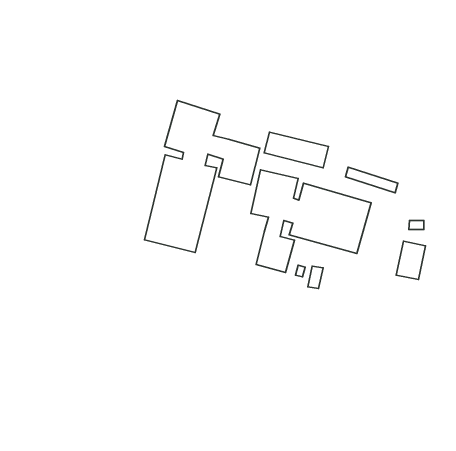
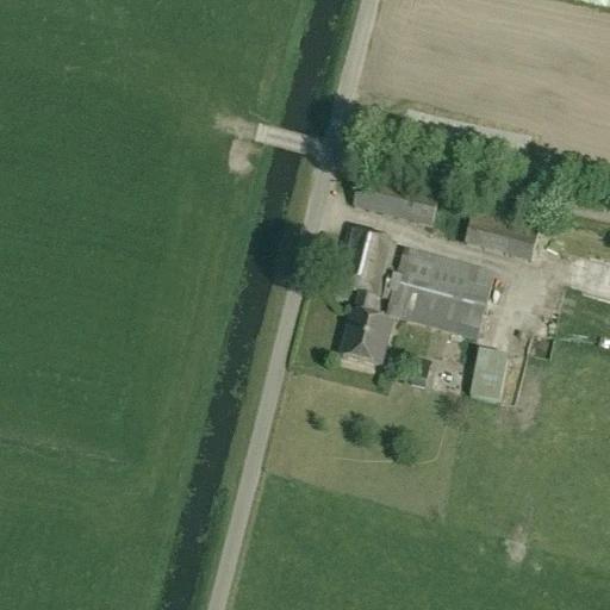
building: [145,101,260,252] -> none
building: [396,241,426,280] -> [469,348,509,399]

